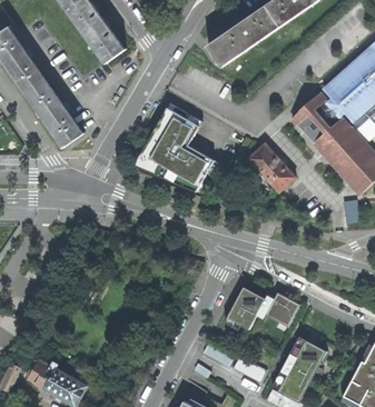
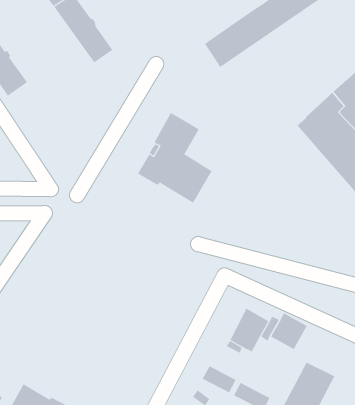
building: [23,79,80,146] -> none
building: [248,145,295,193] -> none

